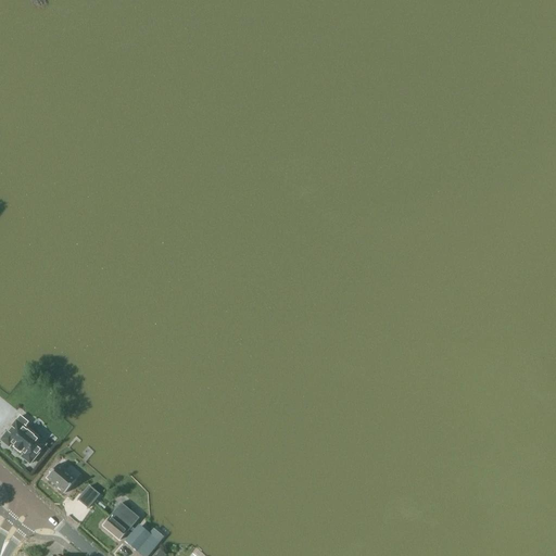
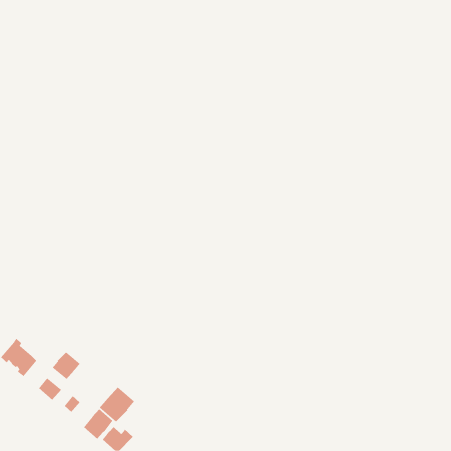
building: none -> [52,351,80,380]
building: none -> [99,386,135,423]

